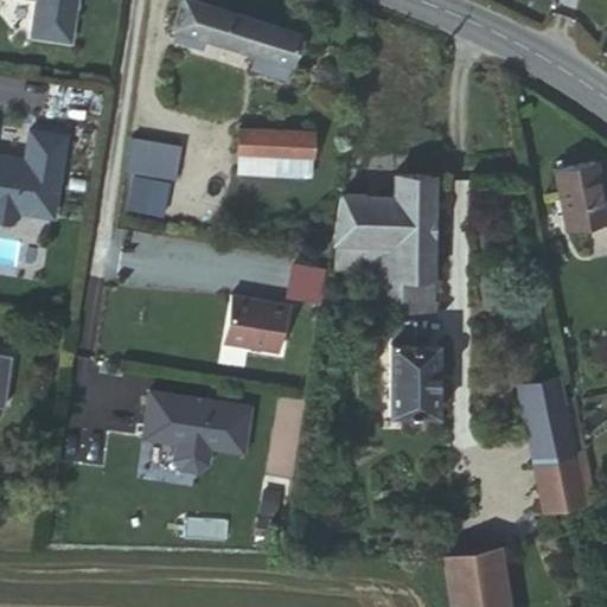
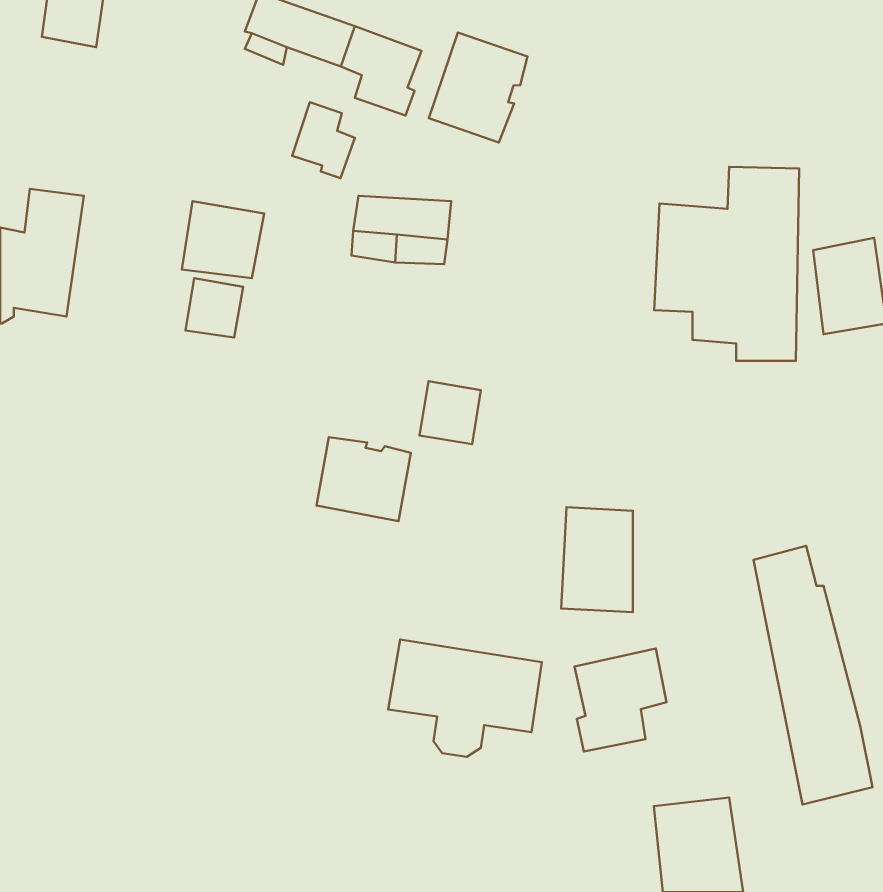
building: none -> [429,32,527,142]
building: none -> [292,102,355,178]
building: [340,179,439,311] -> [654,167,799,361]
building: [143,391,248,471] -> [388,640,542,757]
building: none -> [574,649,667,751]

